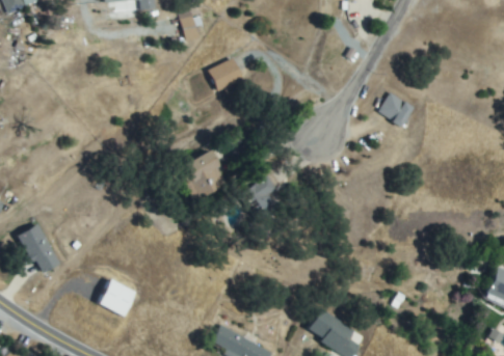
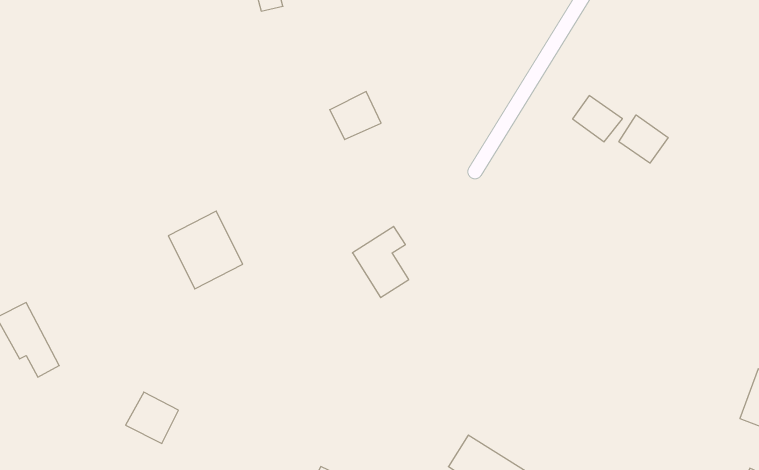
building: [210,60,242,90] -> [330,92,381,140]
building: none -> [619,115,668,163]
building: [180,150,227,199] -> [168,211,243,289]

